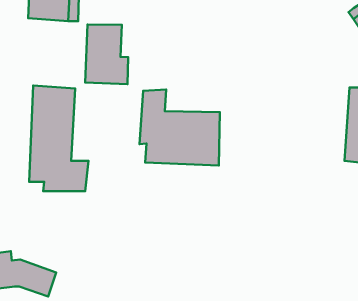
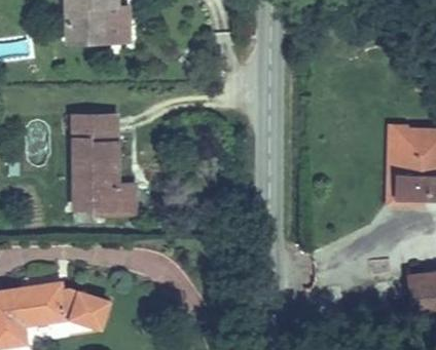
building: [85,24,128,84] -> none
building: [139,89,220,166] -> none

